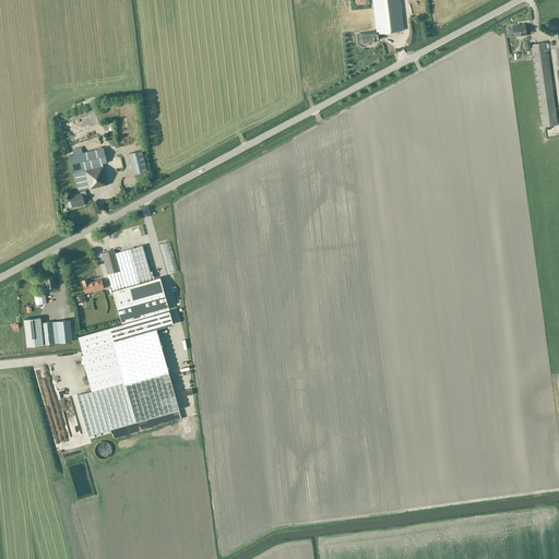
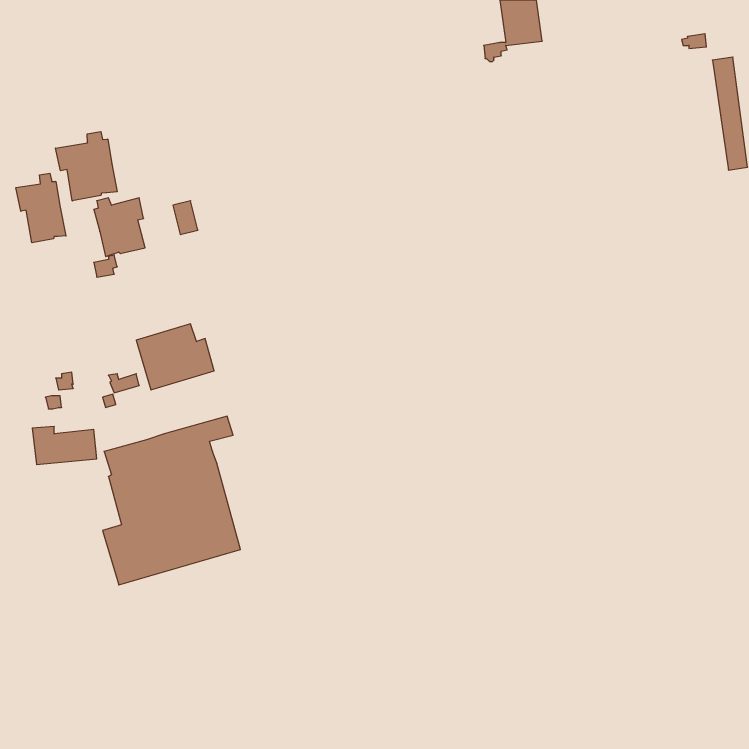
building: none -> [56,132,117,201]
building: none -> [16,173,66,243]
building: [112,276,169,322] -> none

